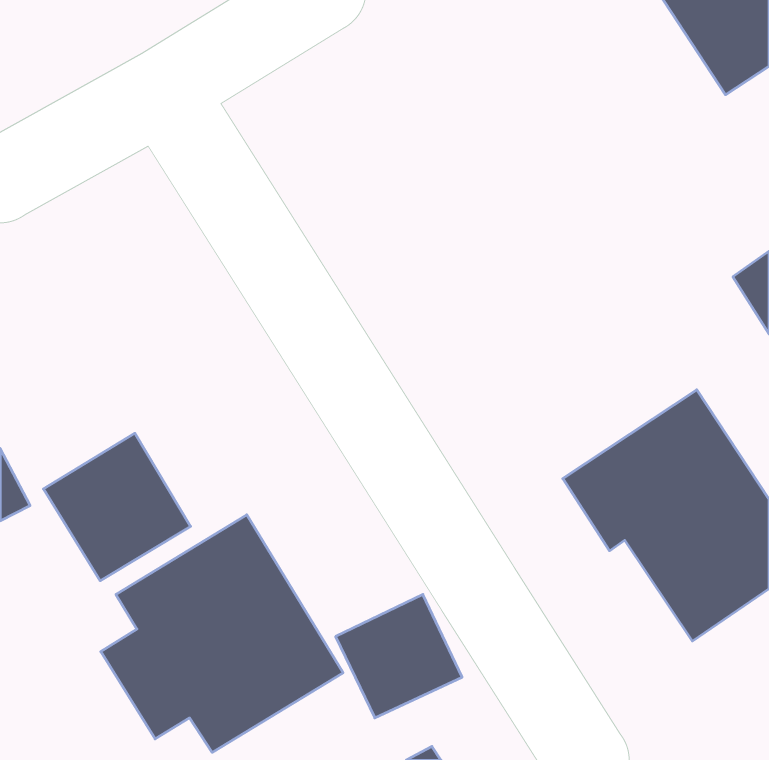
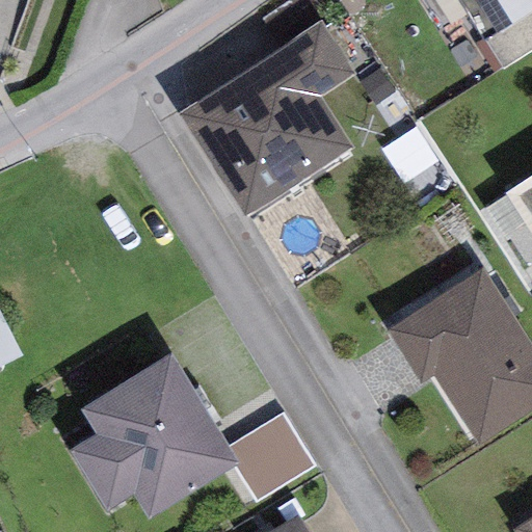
building: none -> [178,21,354,215]
building: [43,433,191,581] -> none

